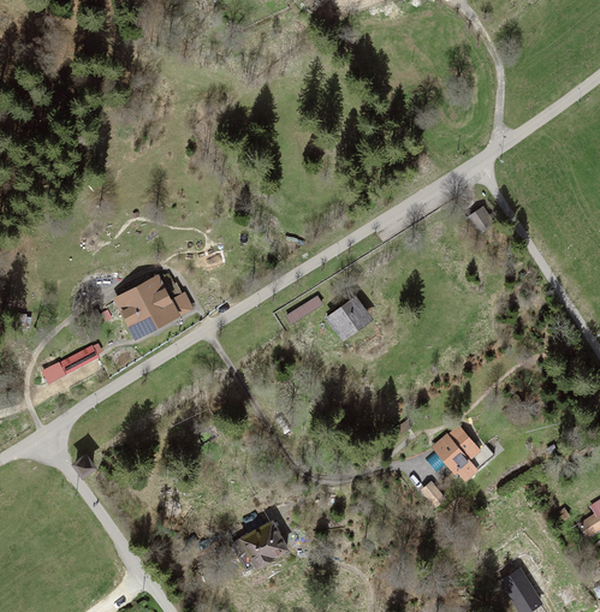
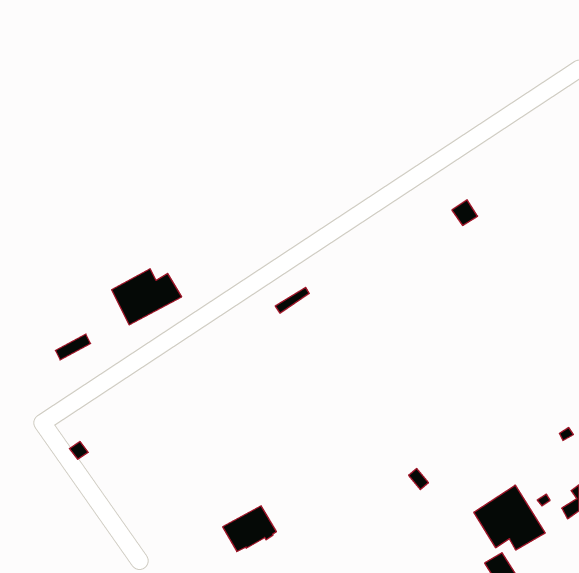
building: [326,301,366,334] -> none
building: [438,426,494,479] -> none
building: none -> [474,485,545,550]

